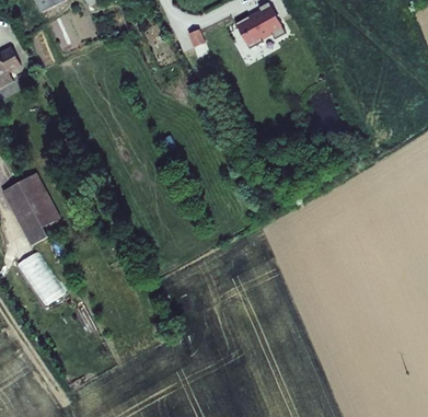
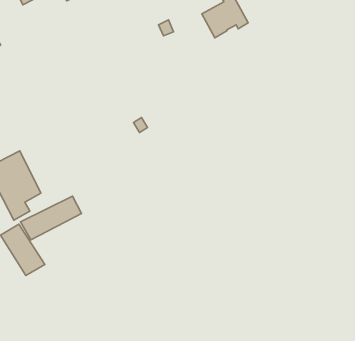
building: none -> [21,196,82,240]

